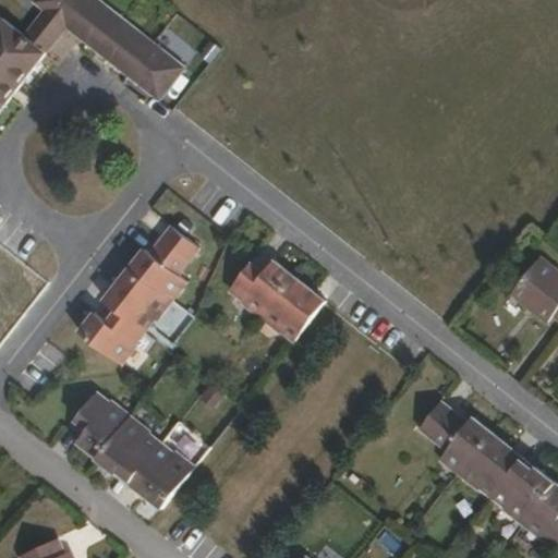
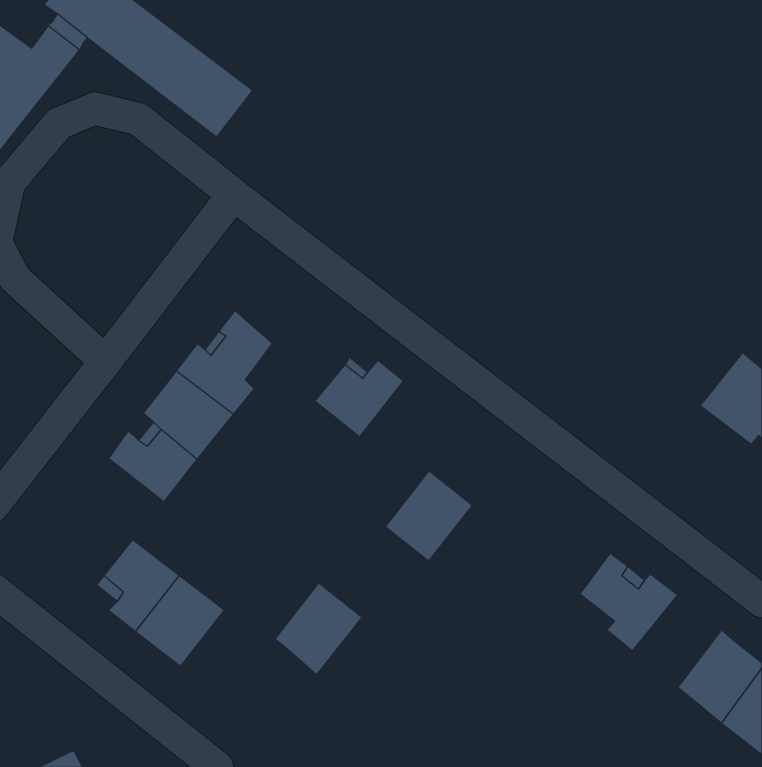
building: [260,276,324,341] -> [385,471,472,561]
building: [458,430,522,497] -> none
building: [131,441,194,508] -> [275,583,362,675]

